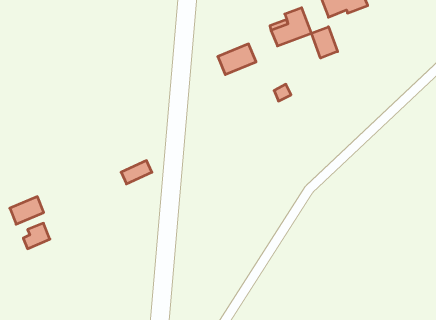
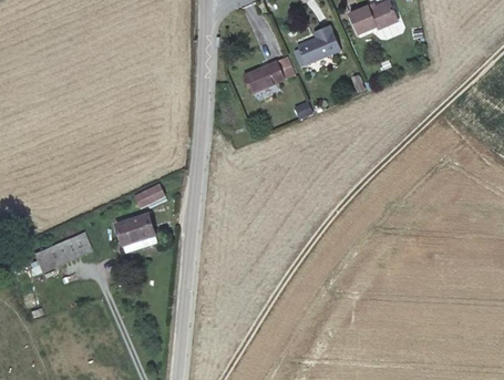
building: [311,27,338,58] -> none
building: none -> [122,212,162,245]
building: [10,197,44,224] -> [59,236,94,265]

